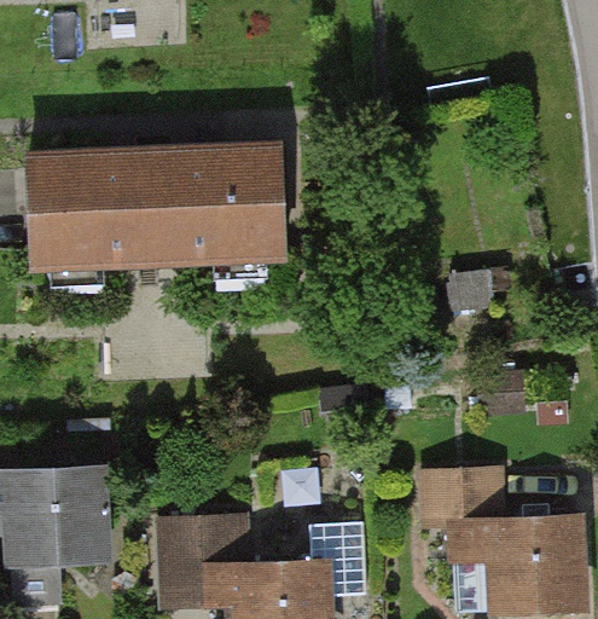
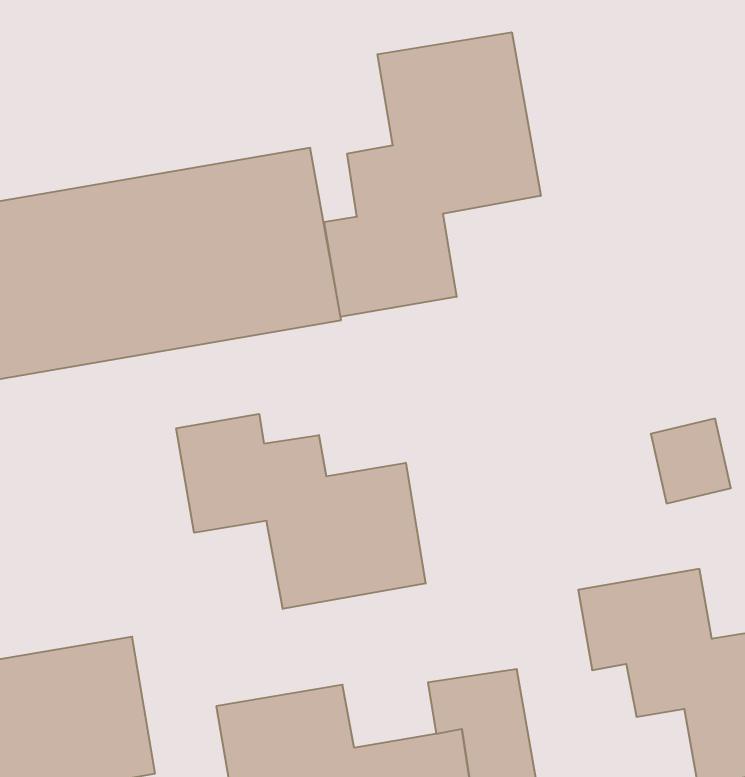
building: none -> [324,32,541,317]
building: none -> [176,414,426,609]

